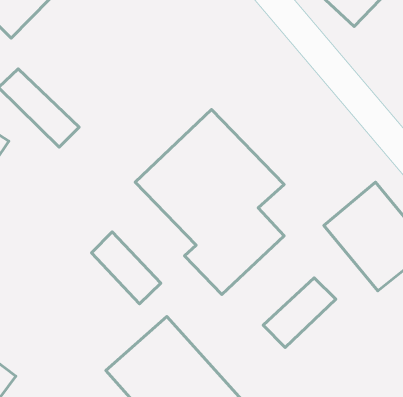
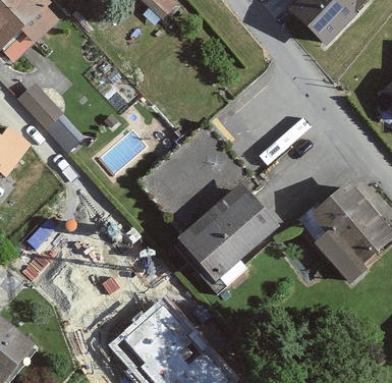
building: [92,232,161,304] -> none
building: [263,278,336,348] -> none

